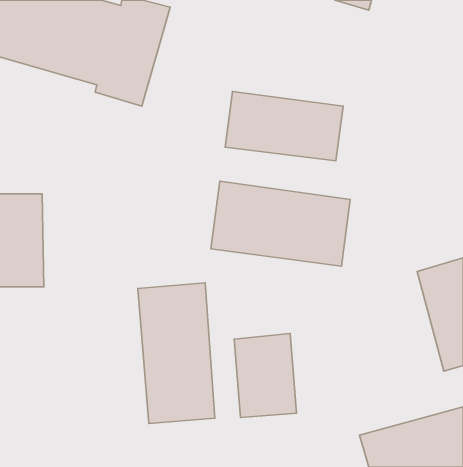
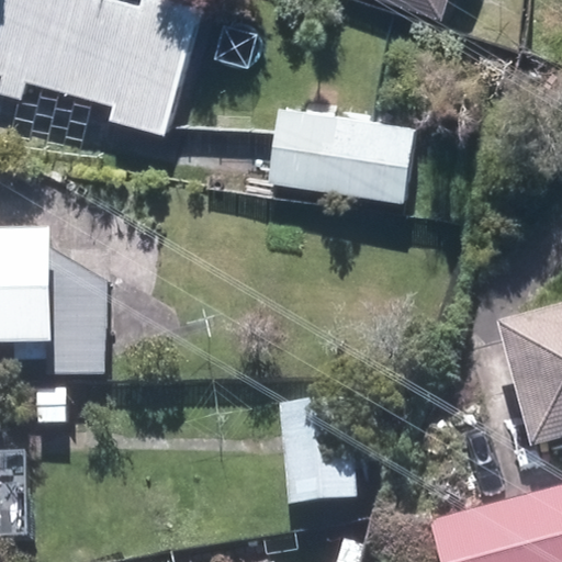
building: [211,181,350,266] -> none
building: [138,283,215,424] -> none

